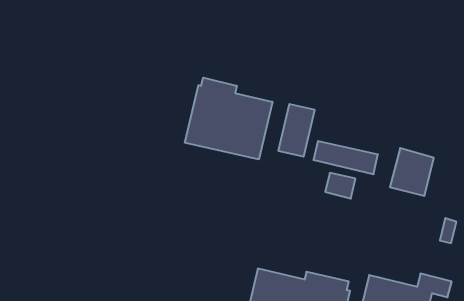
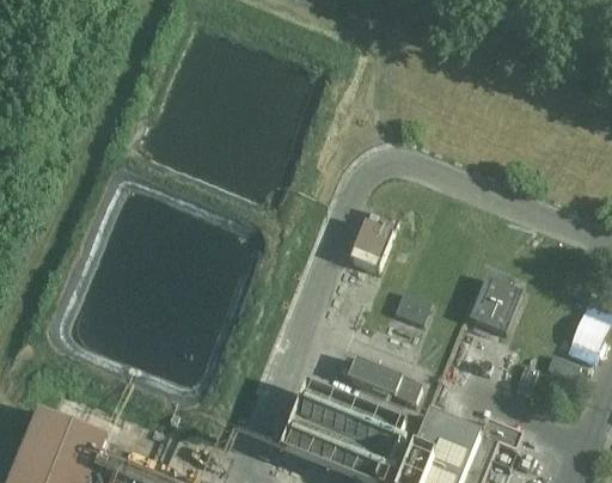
building: [185,78,272,159] -> none
building: [313,141,378,174] -> [347,356,420,403]

